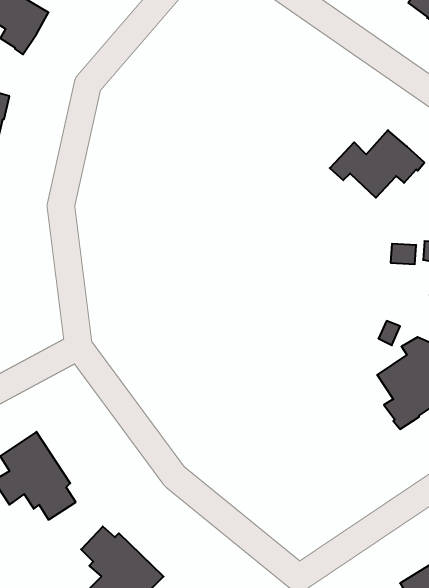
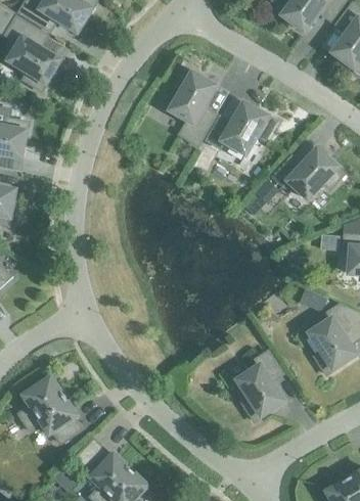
building: none -> [169,66,215,143]
building: none -> [206,101,275,153]
building: none -> [236,351,283,420]

